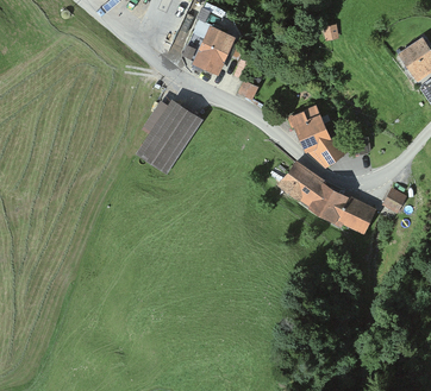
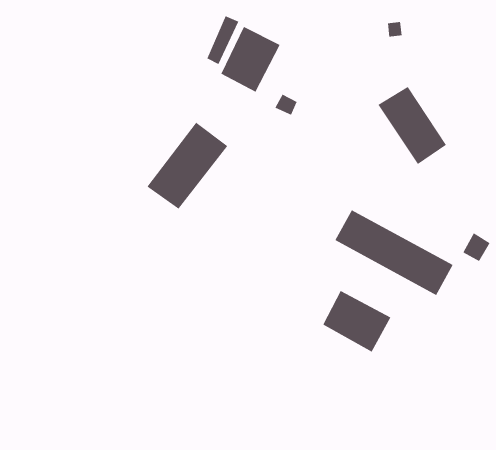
building: [289,102,343,163] -> [377,86,447,165]
building: none -> [322,290,391,352]

